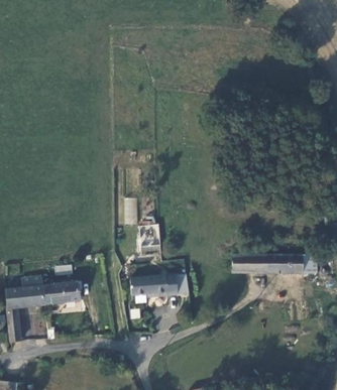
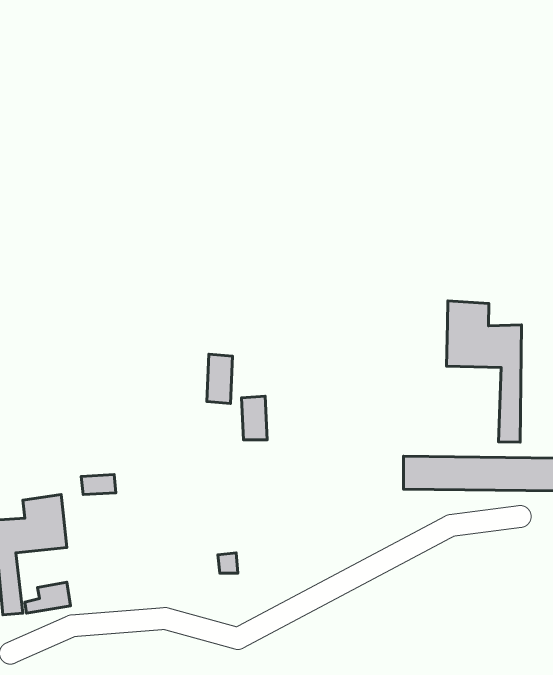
building: none -> [447,301,521,442]
building: [130,274,178,296] -> none
building: [43,281,81,304] -> none

